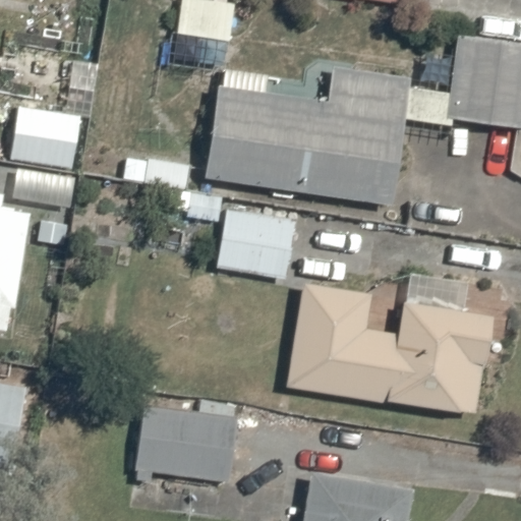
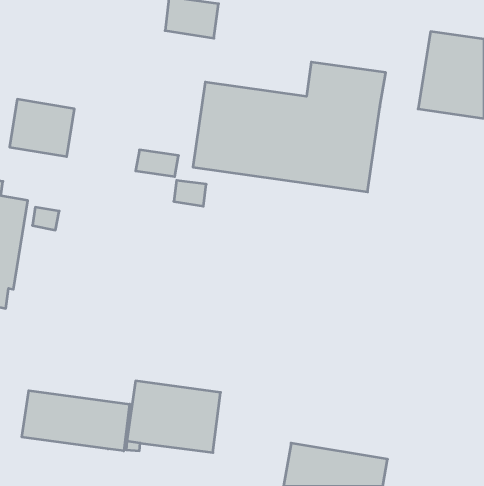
building: [216,209,295,278] -> none
building: [289,284,496,414] -> none
building: none -> [22,391,130,451]

